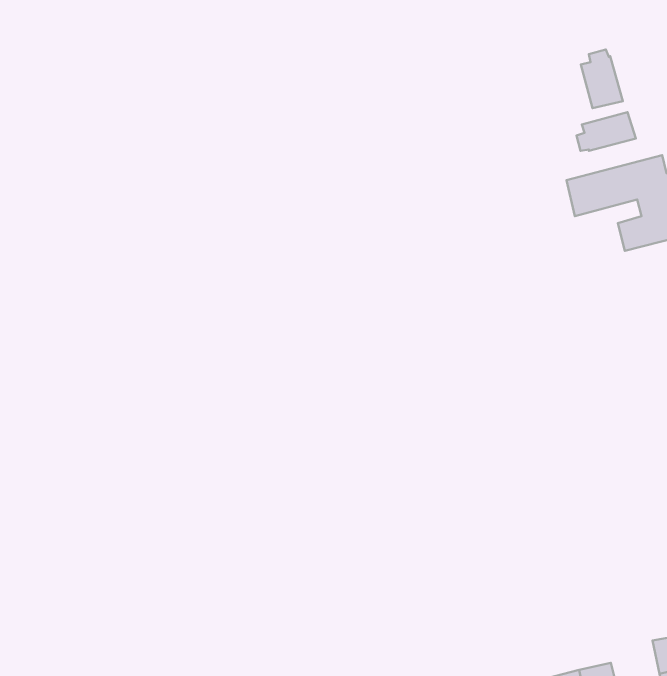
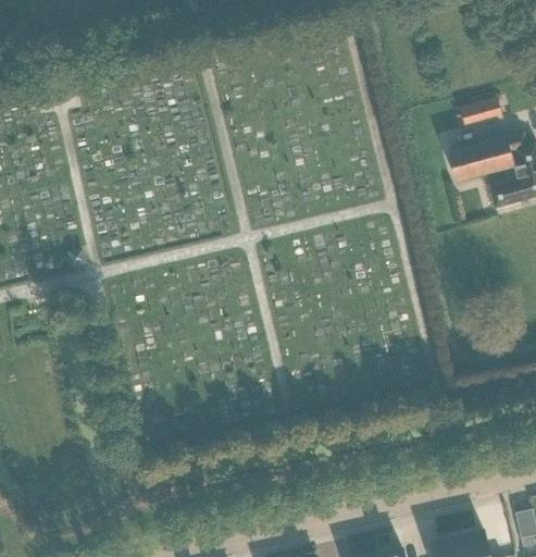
building: [581,49,623,108] -> none

